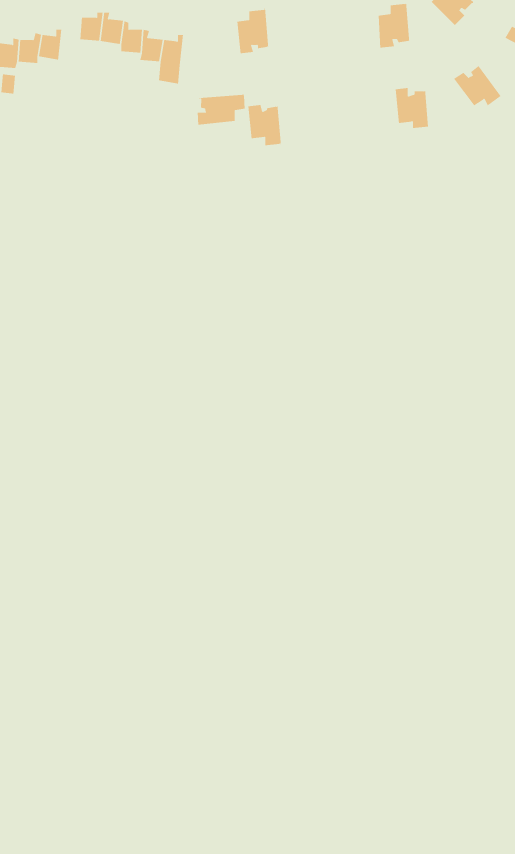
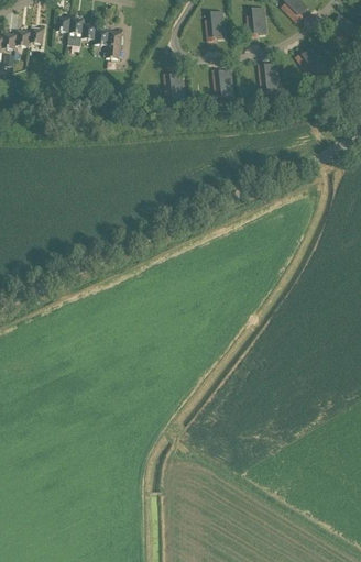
building: [237,8,269,54] -> [205,11,226,41]
building: [197,94,246,126] -> none
building: none -> [212,69,234,96]

